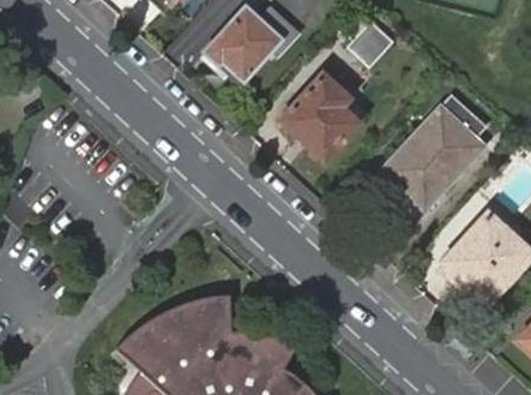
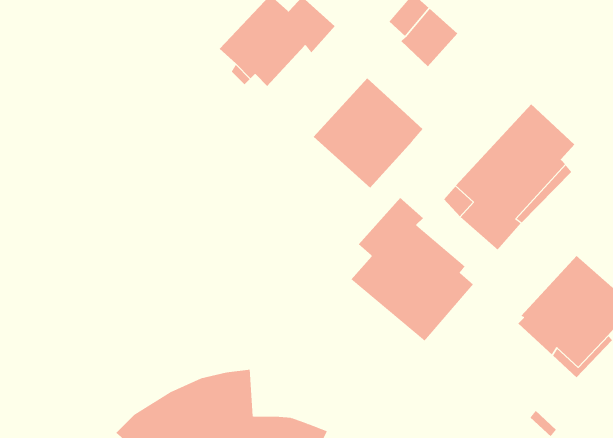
building: none -> [351,197,474,341]

